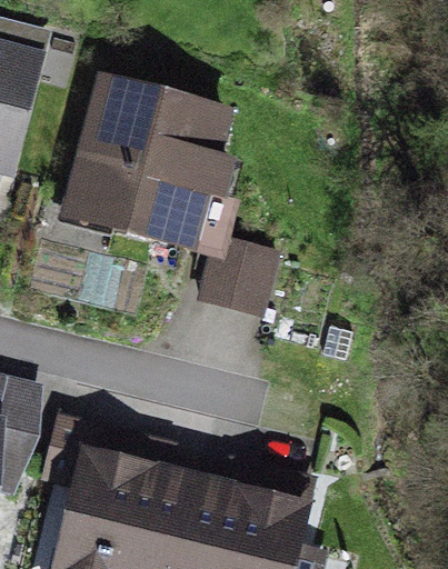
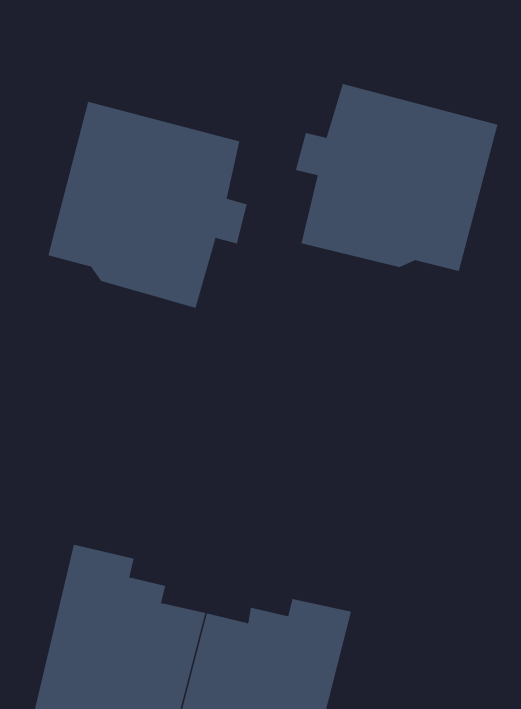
building: none -> [295,83,498,272]
building: [207,232,290,316] -> none

